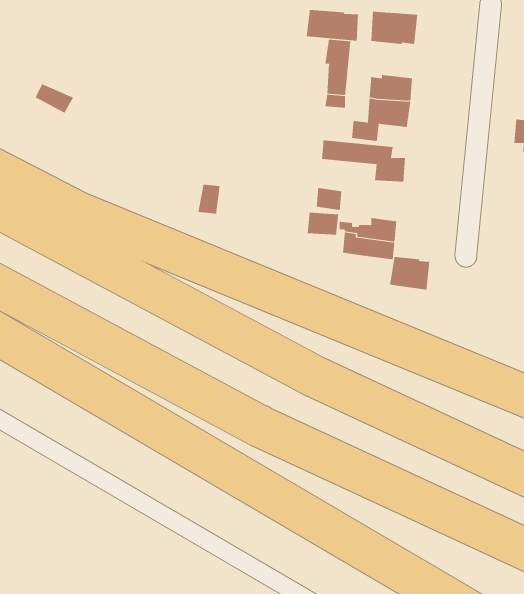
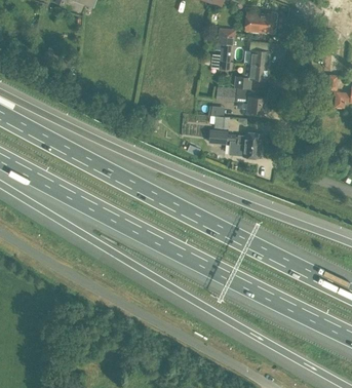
building: [306,9,358,42] -> none
building: [390,256,430,290] -> none

